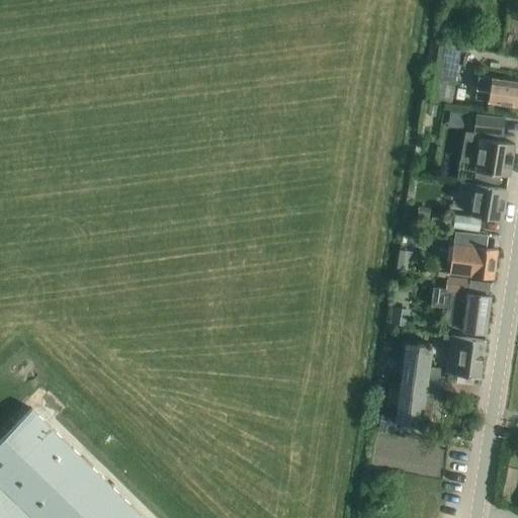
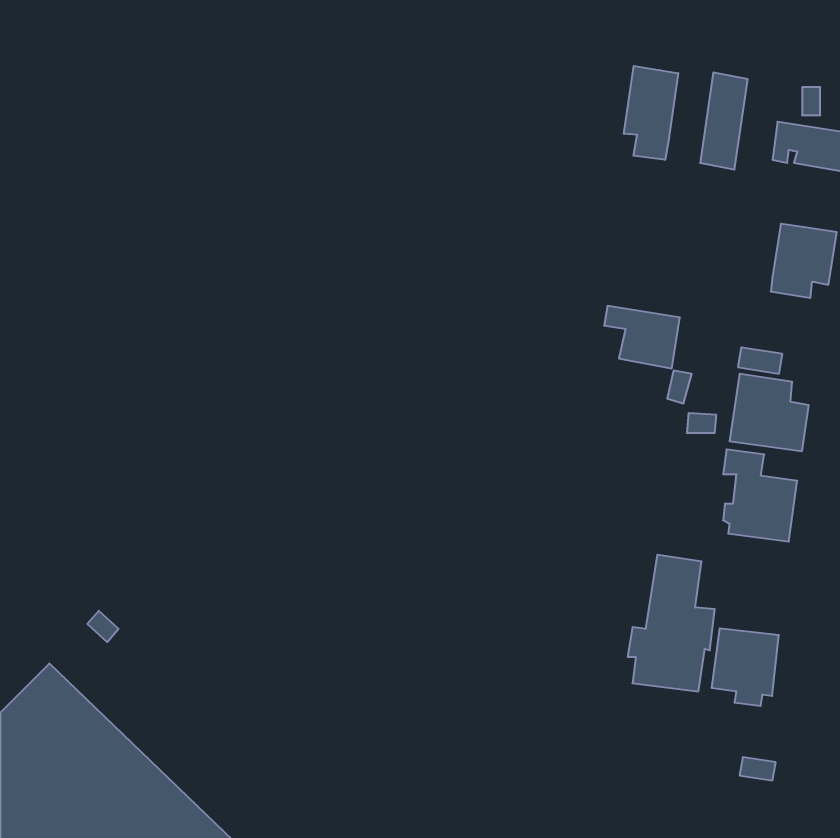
building: none -> [624,66,678,160]
building: [474,115,507,137] -> none
building: [460,183,507,222] -> [604,306,680,368]
building: [443,337,485,384] -> [711,628,779,706]

